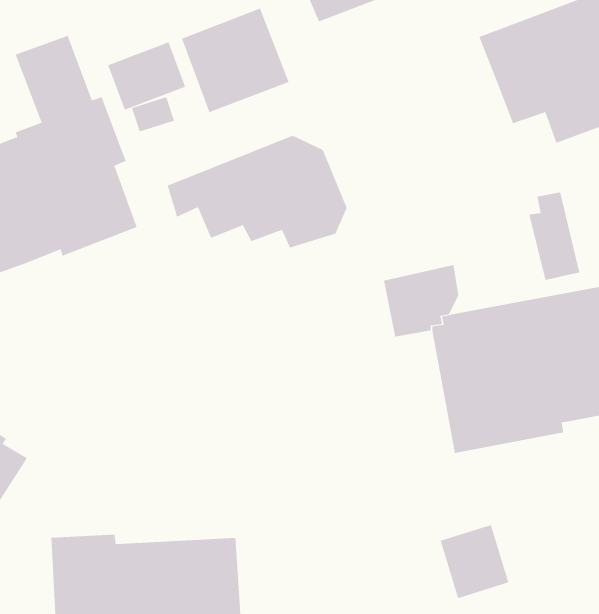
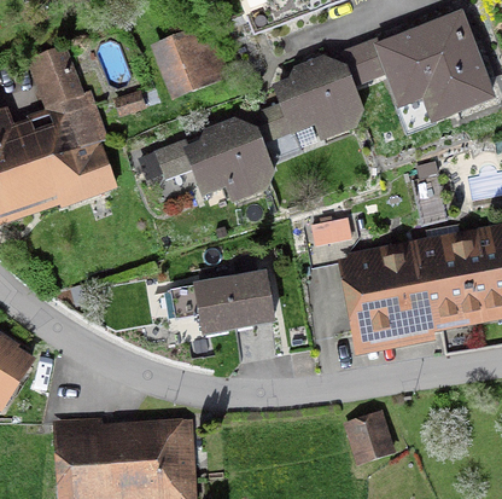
building: none -> [233,36,384,141]
building: [108,41,186,110] -> none
building: none -> [169,269,274,336]

